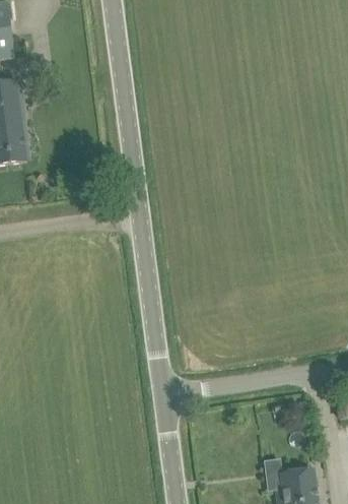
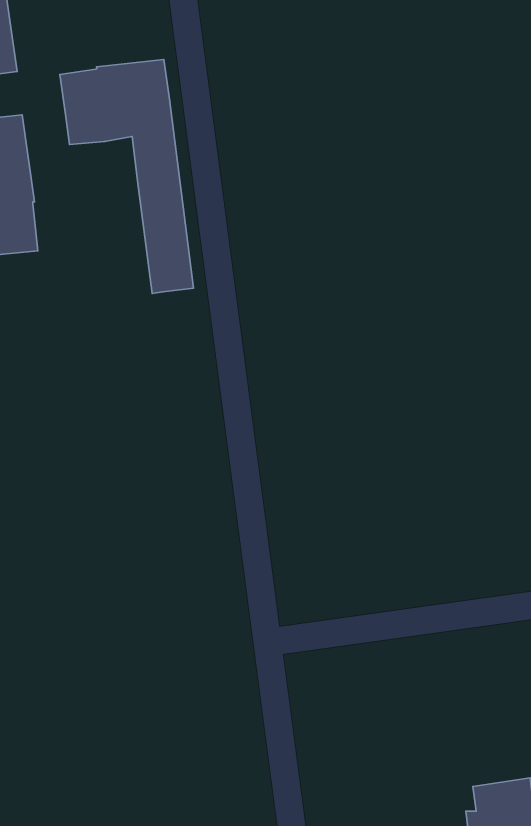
building: none -> [60,59,194,293]

